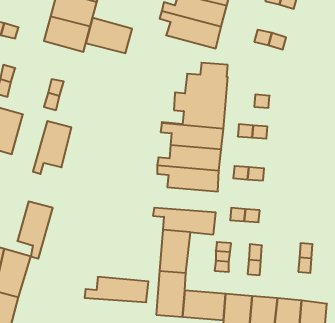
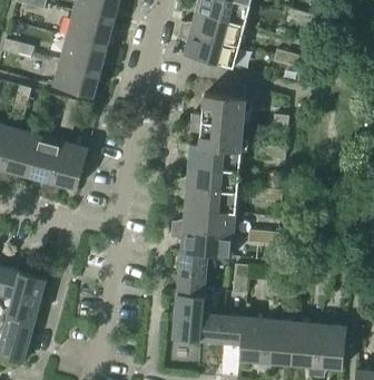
building: [86,18,132,53] -> [52,61,99,97]
building: [17,201,53,259] -> [27,136,62,194]
building: [85,277,148,302] -> [170,210,235,235]

